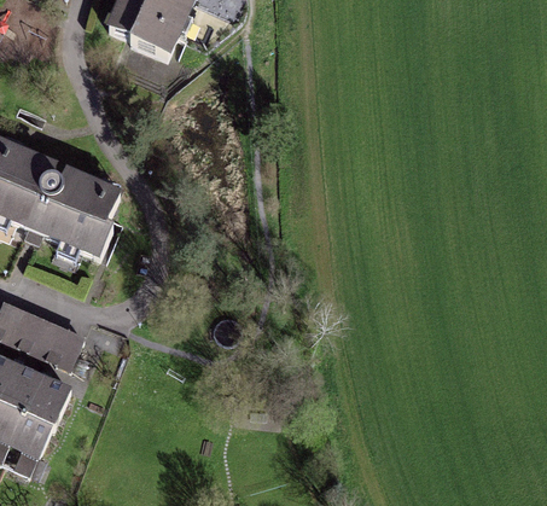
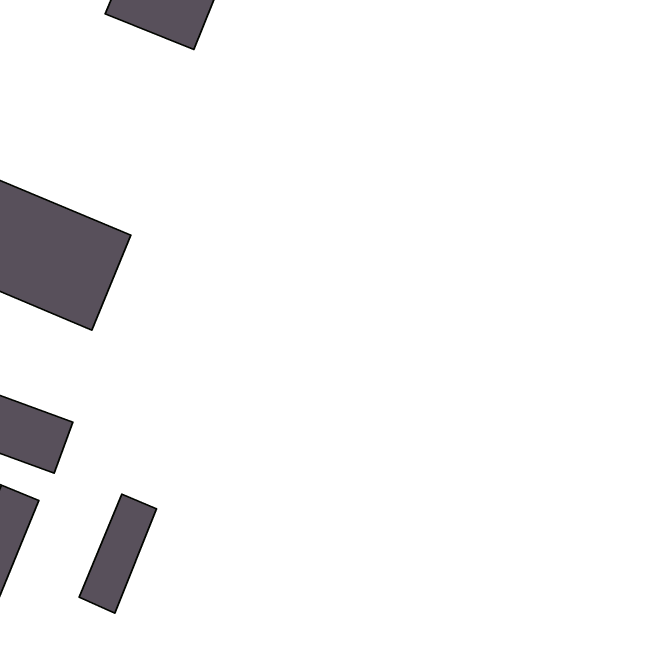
building: none -> [79,494,157,613]

